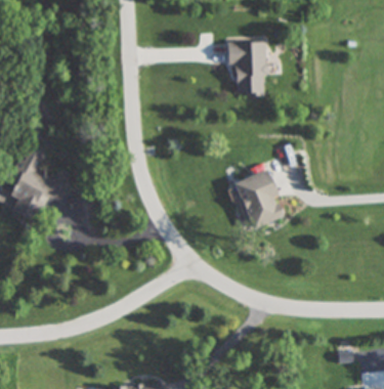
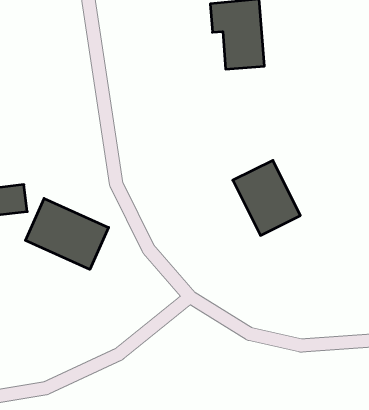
building: none -> [25,198,109,269]

